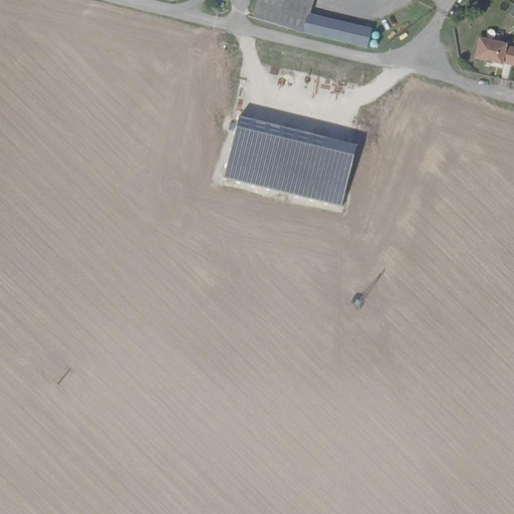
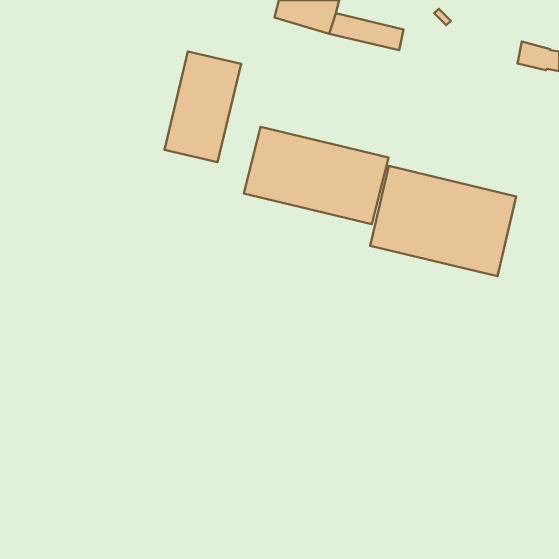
building: none -> [164,51,241,162]
building: none -> [370,166,516,276]

